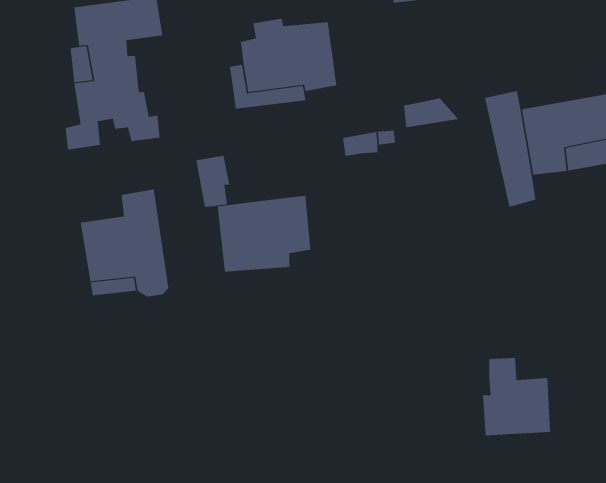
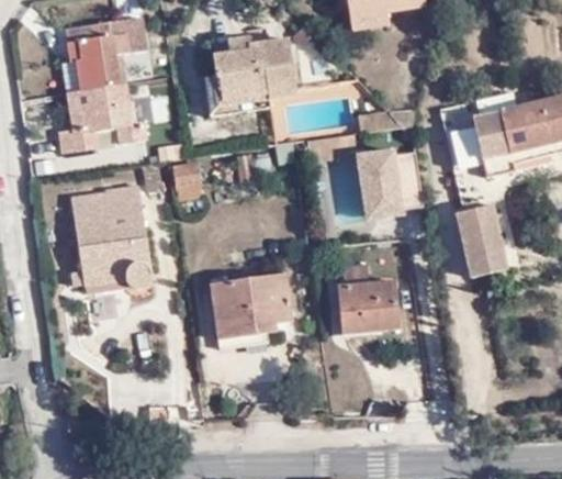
building: none -> [349,154,409,224]
building: [217,195,311,272] -> [215,268,299,336]
building: none -> [446,201,499,275]
building: [482,357,551,436] -> [330,267,391,336]

